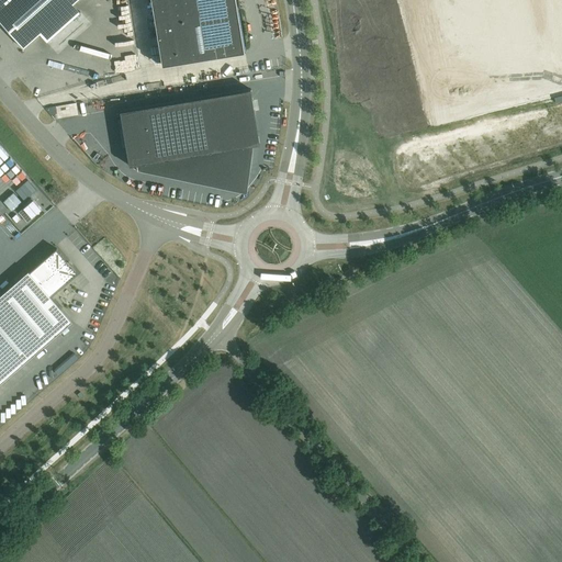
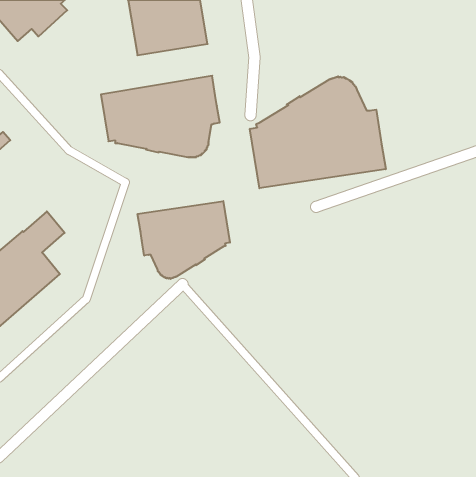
building: none -> [250,76,386,188]
building: none -> [138,201,230,279]

